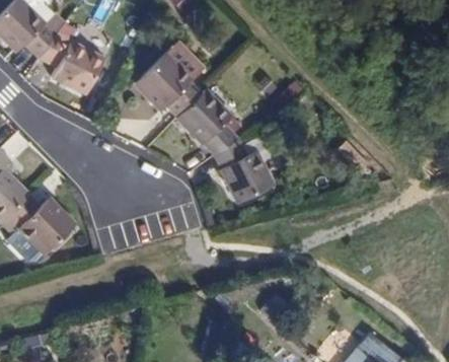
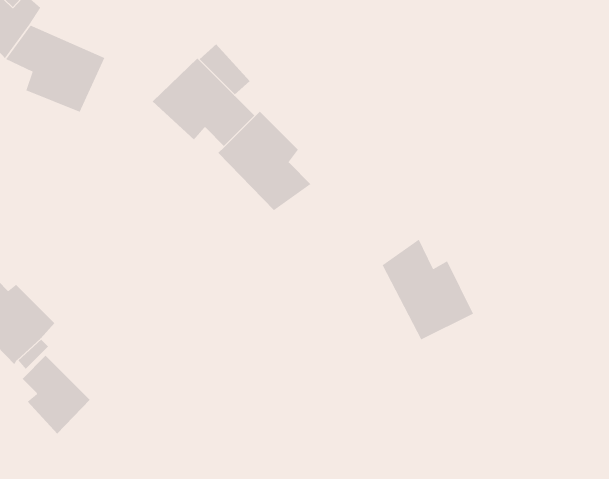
building: [215,136,275,202] -> [382,239,474,340]
building: none -> [22,355,91,434]

